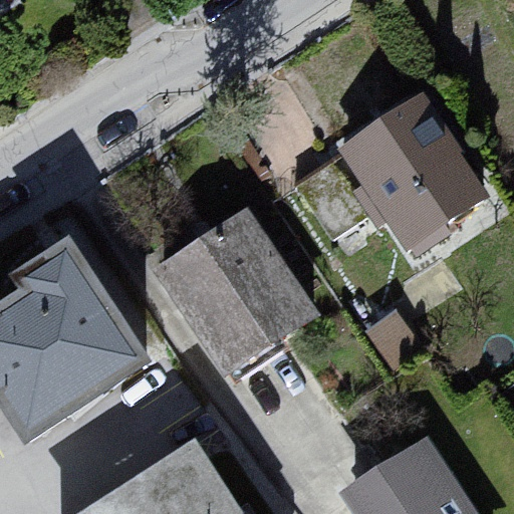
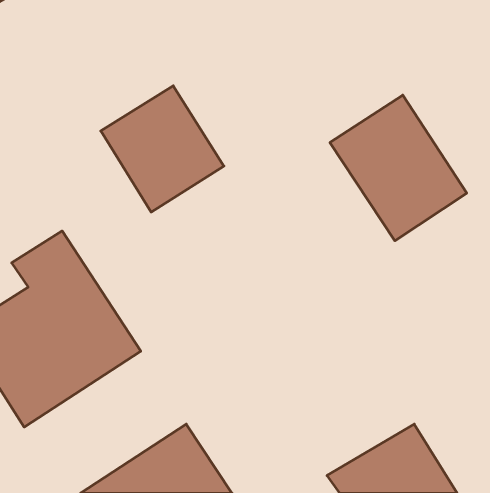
building: none -> [101,86,224,212]
building: [157,210,316,377] -> none

